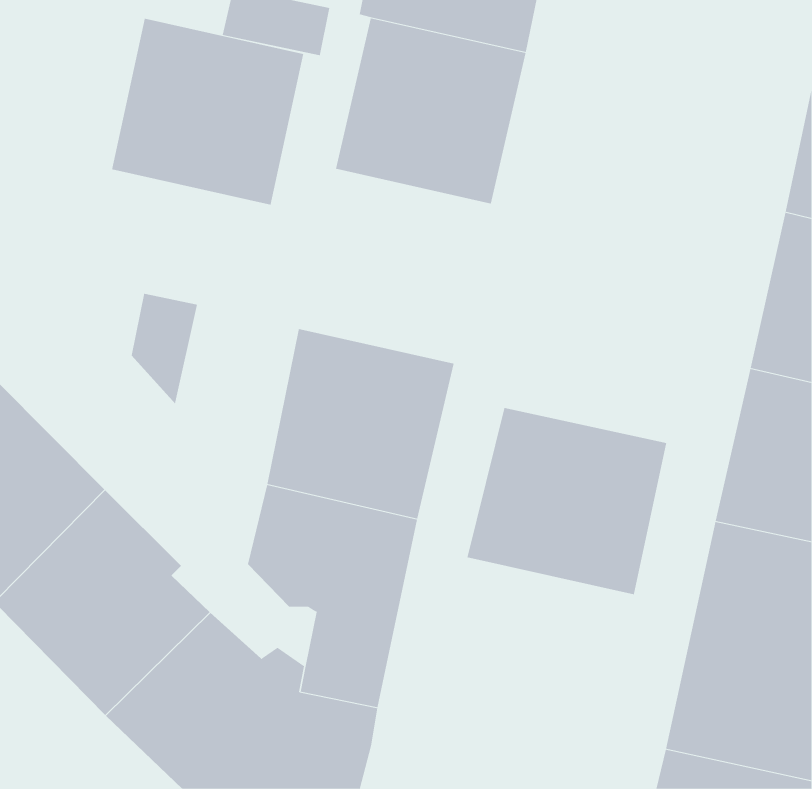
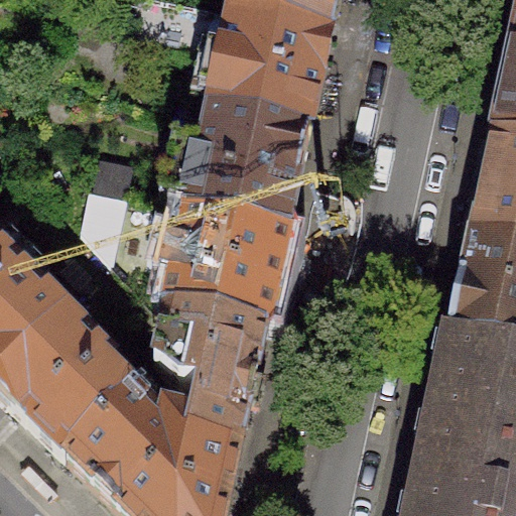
building: [111,18,304,206] -> none
building: none -> [188,107,310,230]
building: [467,407,667,595] -> none

